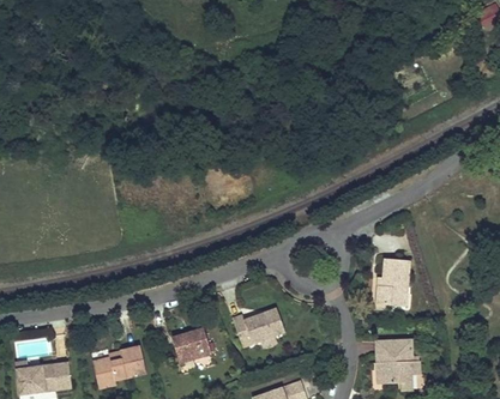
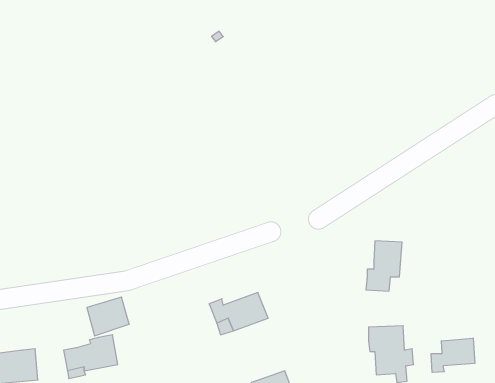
building: [170,327,210,363] -> [87,297,129,336]
building: none -> [431,338,475,372]

